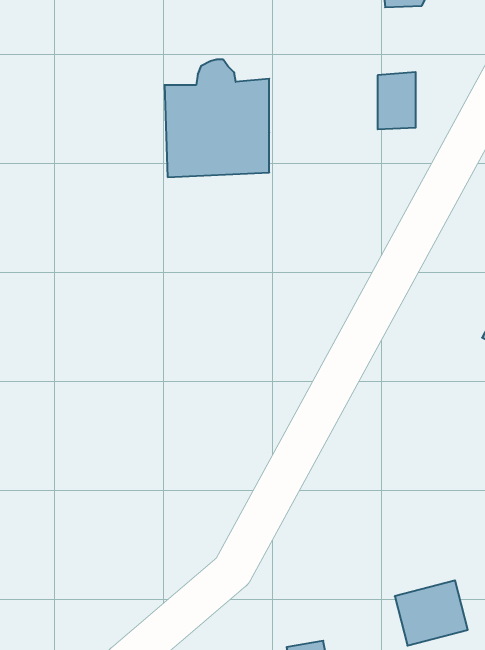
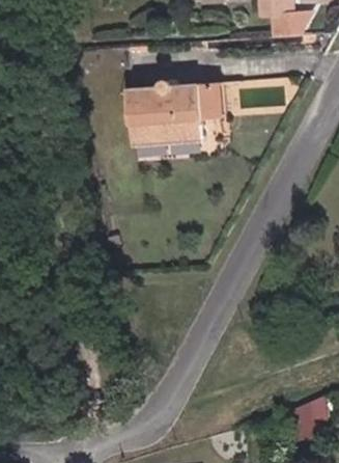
building: [378,72,416,129] -> [196,80,221,117]

